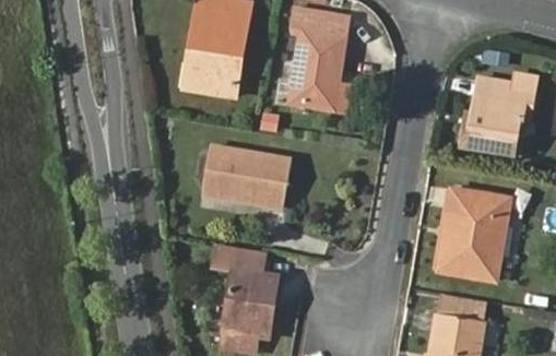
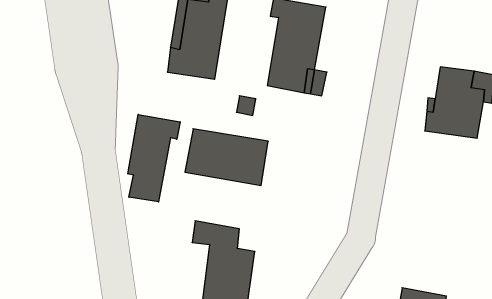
building: none -> [128,114,180,202]
building: [439,190,510,280] -> none

